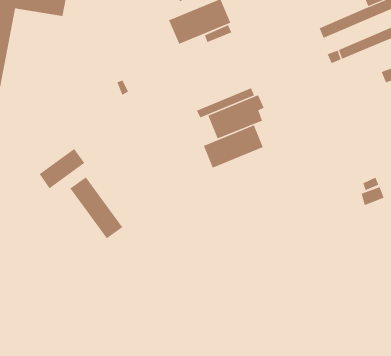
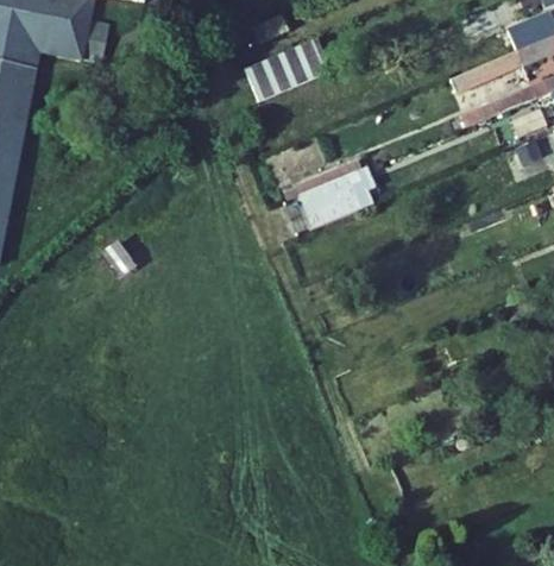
building: [203,124,263,168] -> none
building: [69,176,123,239] -> none

